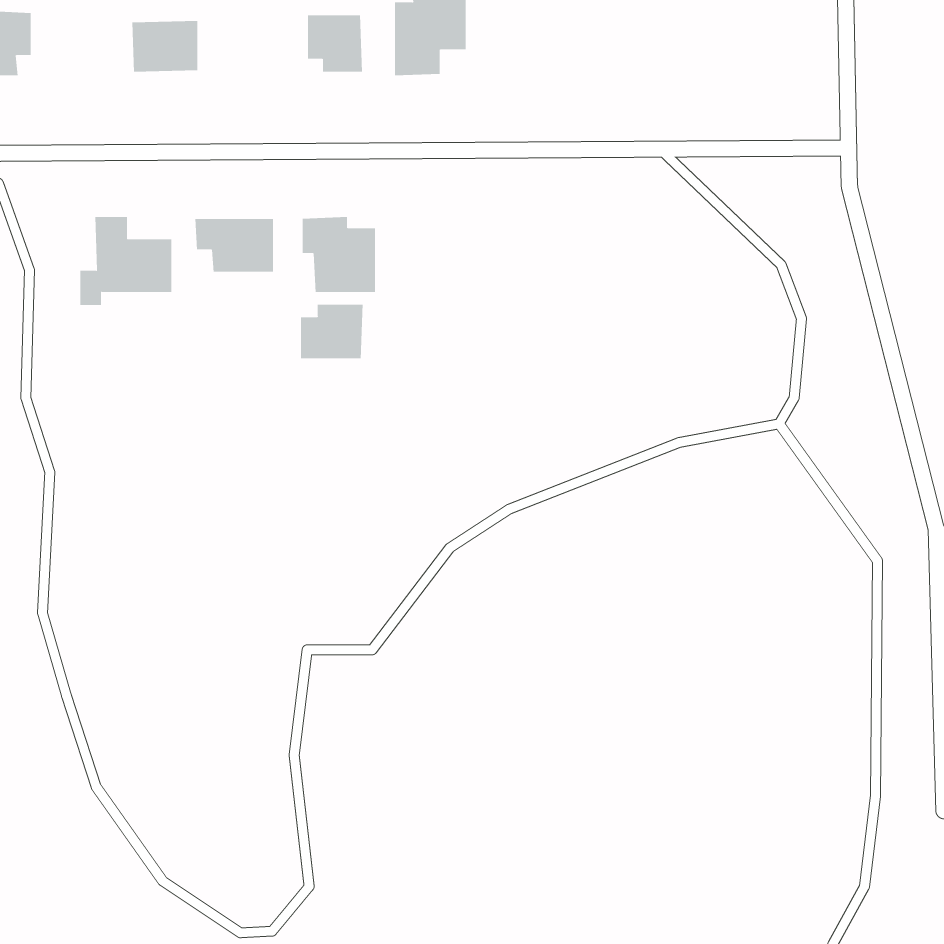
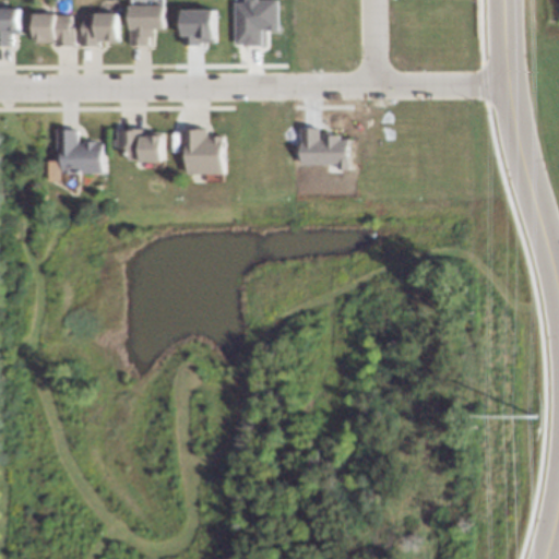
building: none -> [128,4,164,44]
building: none -> [33,13,72,44]
building: none -> [299,127,346,168]
building: [300,304,363,359] -> none

